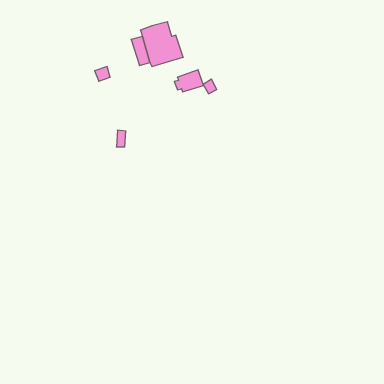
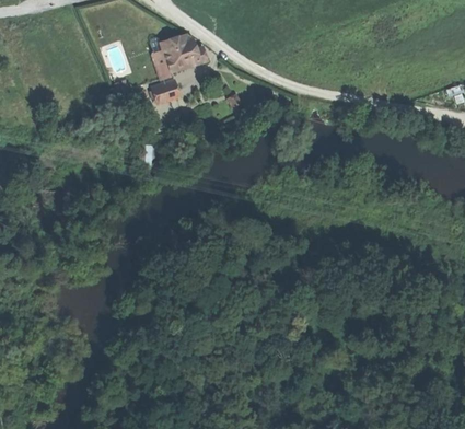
building: [174,70,204,92] -> [149,79,179,102]

